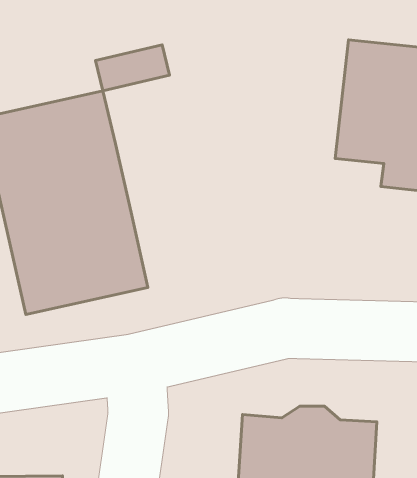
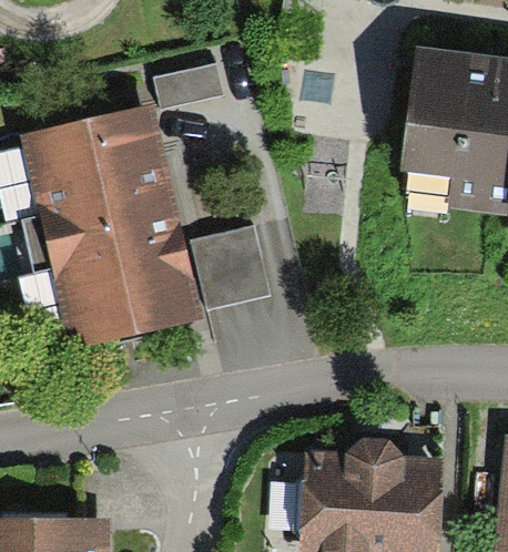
building: none -> [191,223,273,306]

